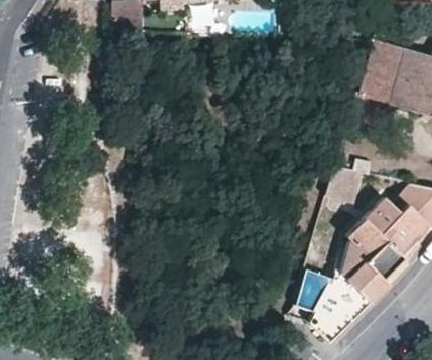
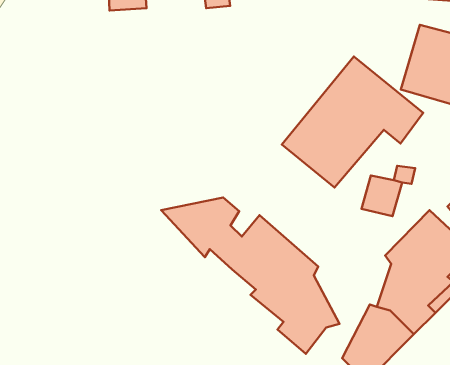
building: none -> [282,56,423,187]
building: none -> [161,198,340,354]

